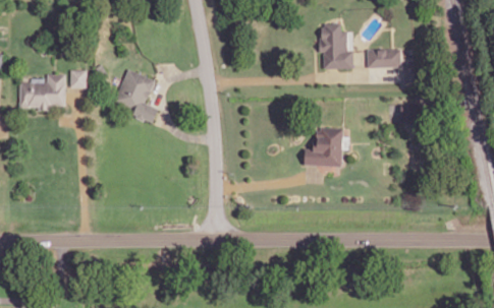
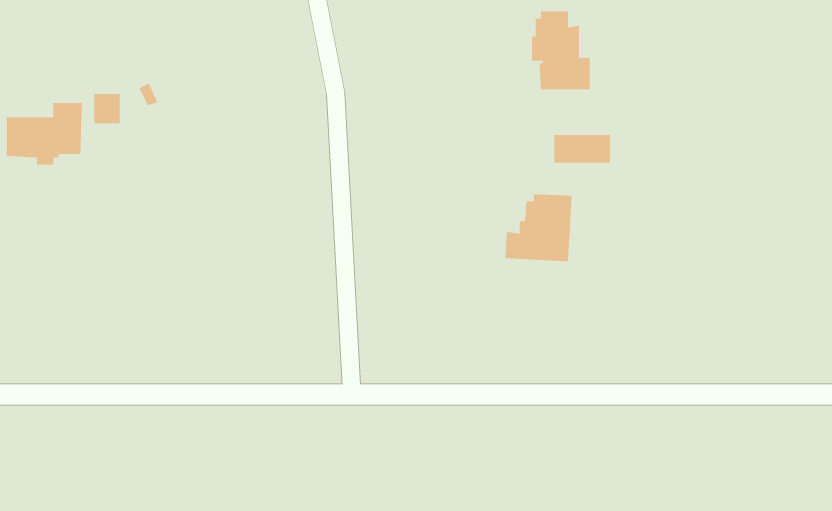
building: [367,50,399,66] -> [553,134,611,163]
building: [113,68,158,121] -> none

